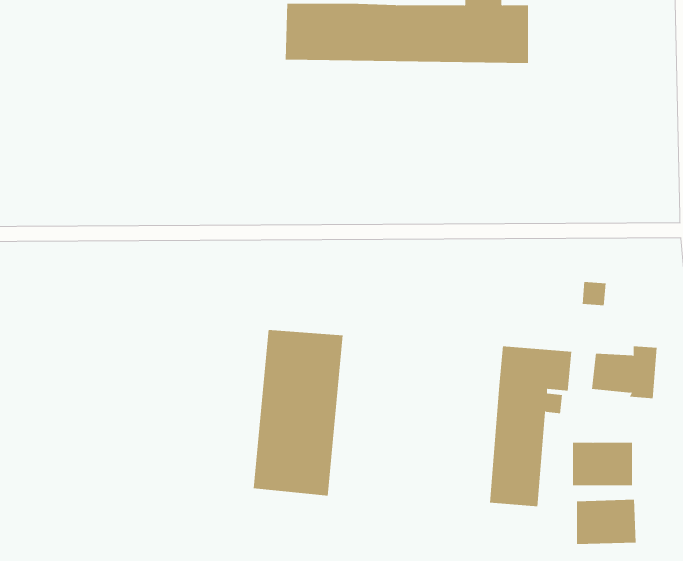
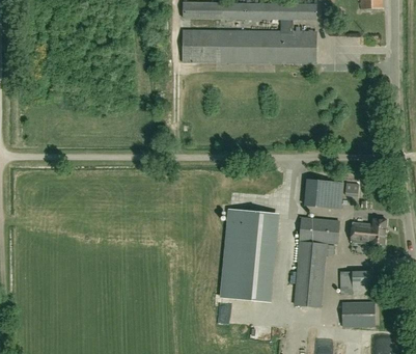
building: none -> [304,179,342,209]
building: [253,330,344,496] -> [221,210,271,301]

